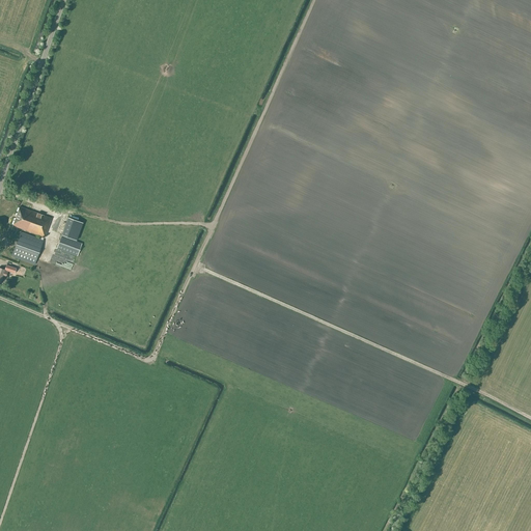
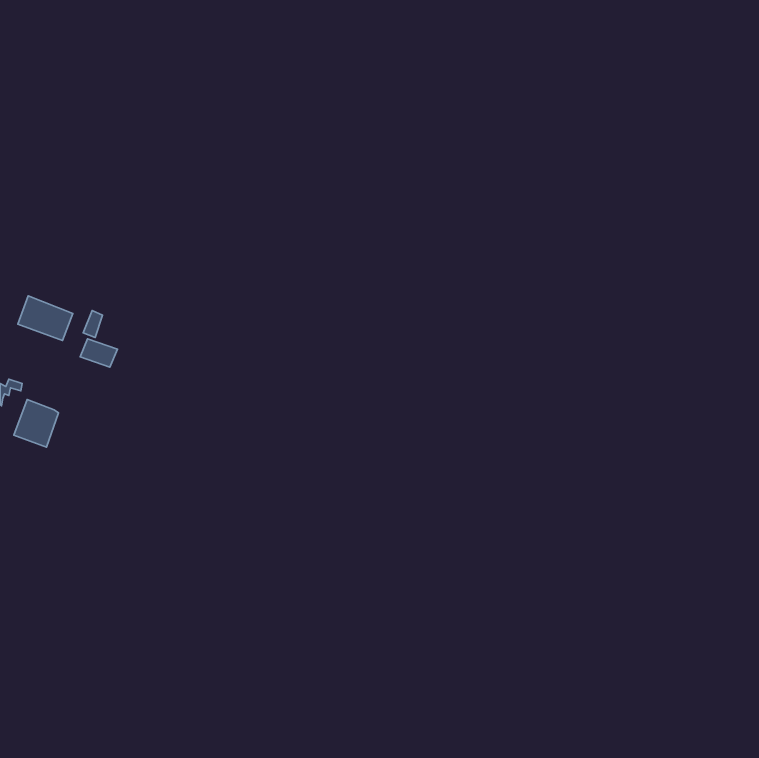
building: [11,232,43,266] -> [14,400,59,447]

